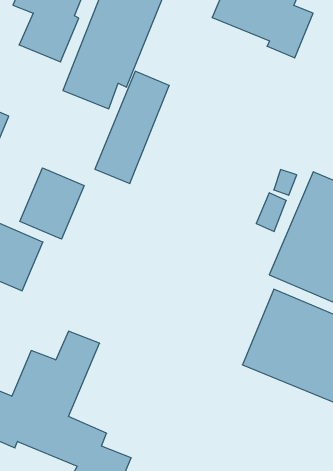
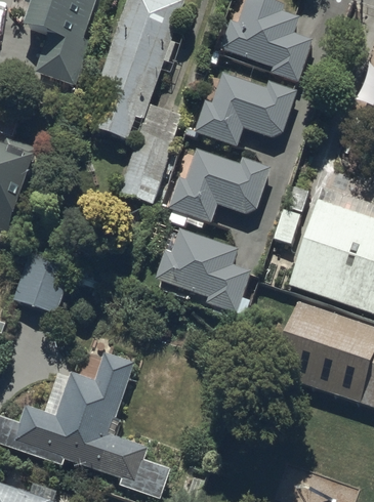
building: none -> [194,72,297,145]
building: none -> [169,147,271,220]
building: [20,168,84,239] -> none
building: none -> [153,226,249,312]

